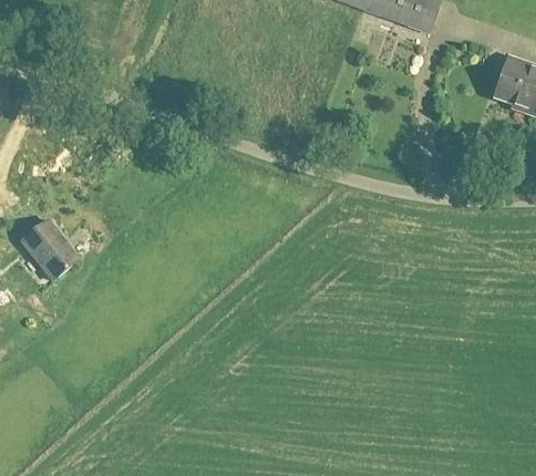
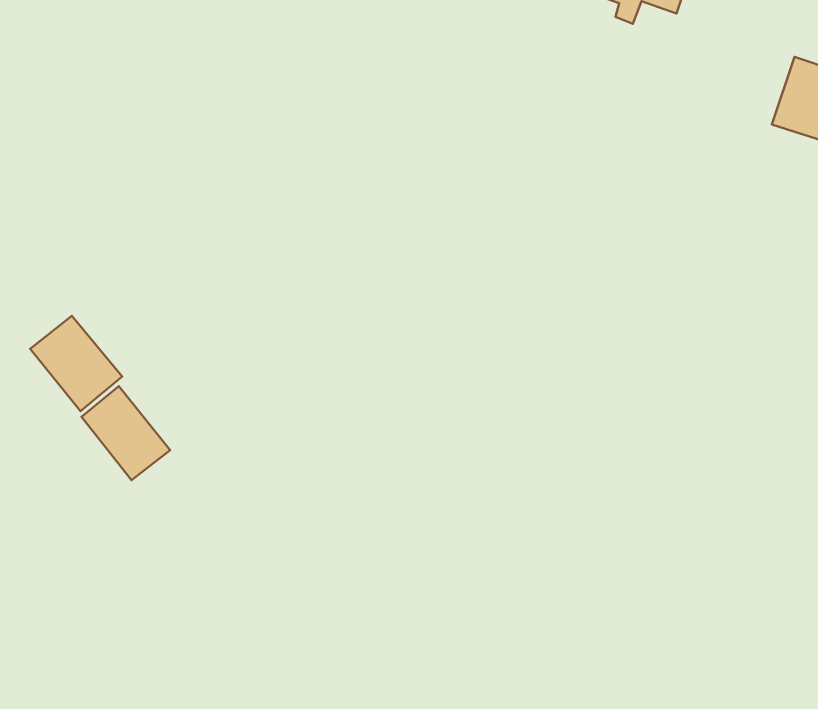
building: none -> [82,386,170,480]

